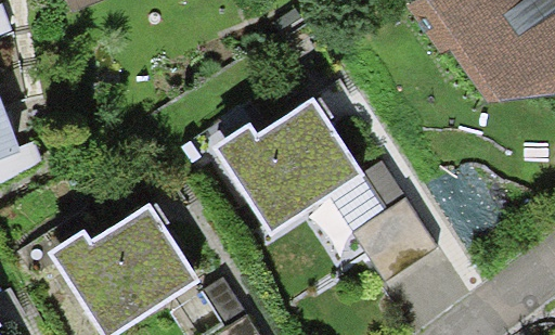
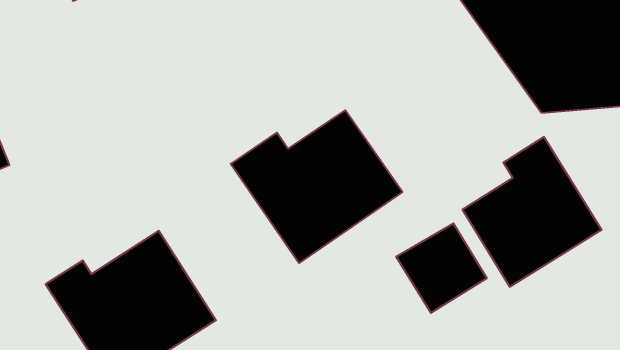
building: none -> [463,137,602,287]

